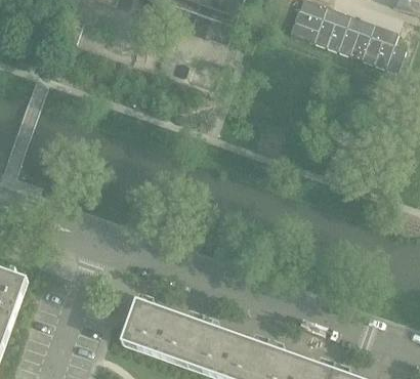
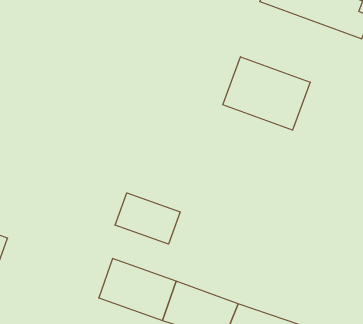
building: none -> [223,57,310,130]
building: none -> [115,193,180,244]

